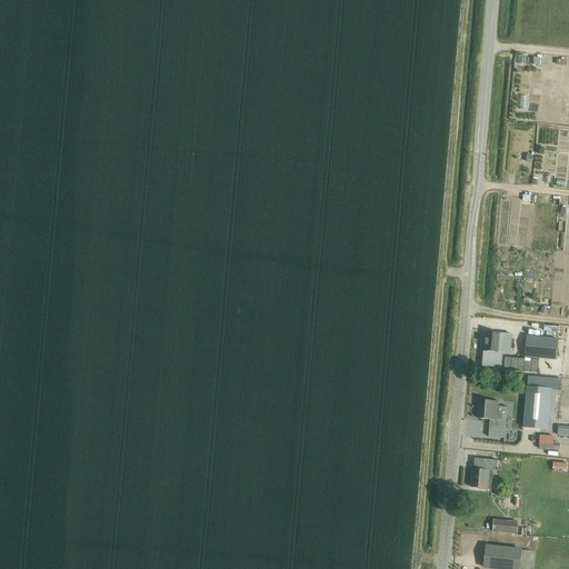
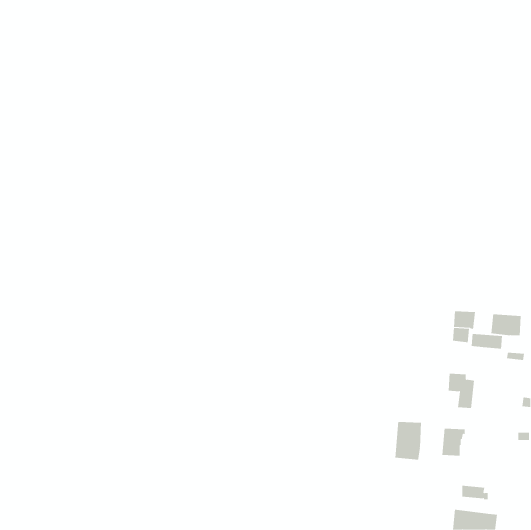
building: [523,385,549,429] -> none
building: none -> [395,421,422,461]

